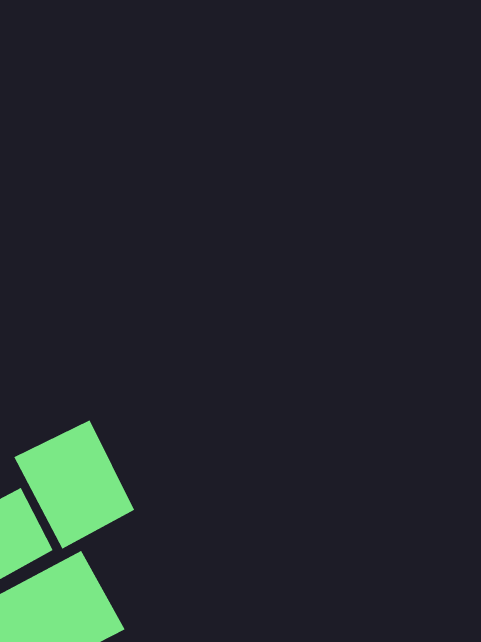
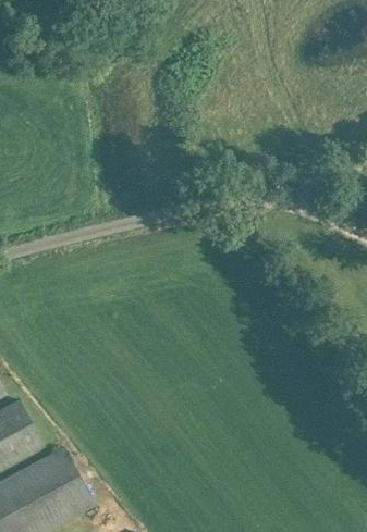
building: [13,420,135,549] -> none

